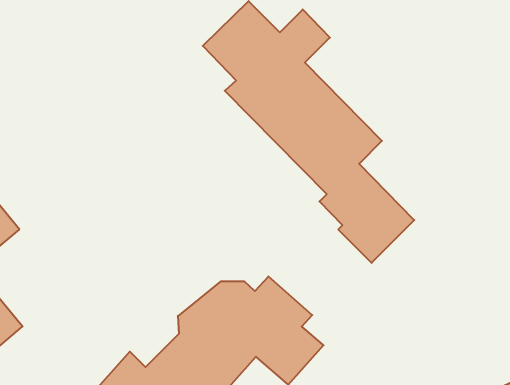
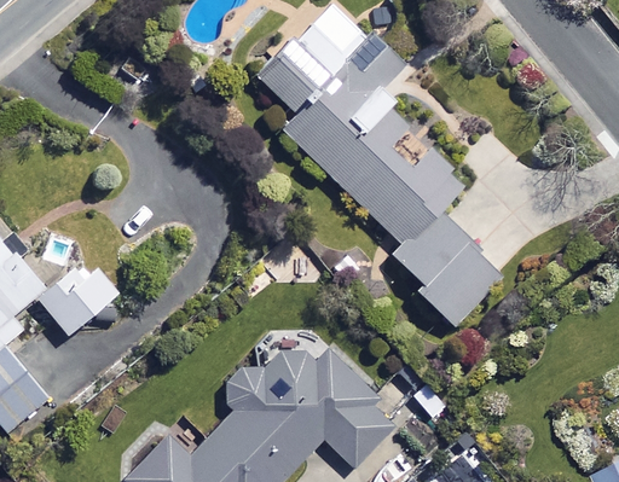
building: none -> [39,257,118,333]

